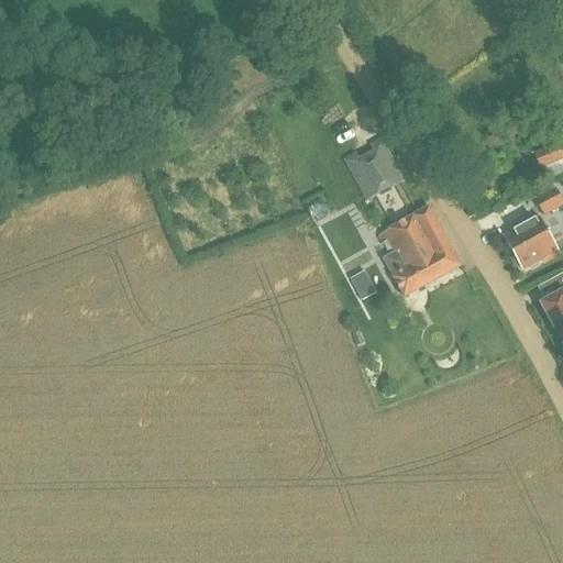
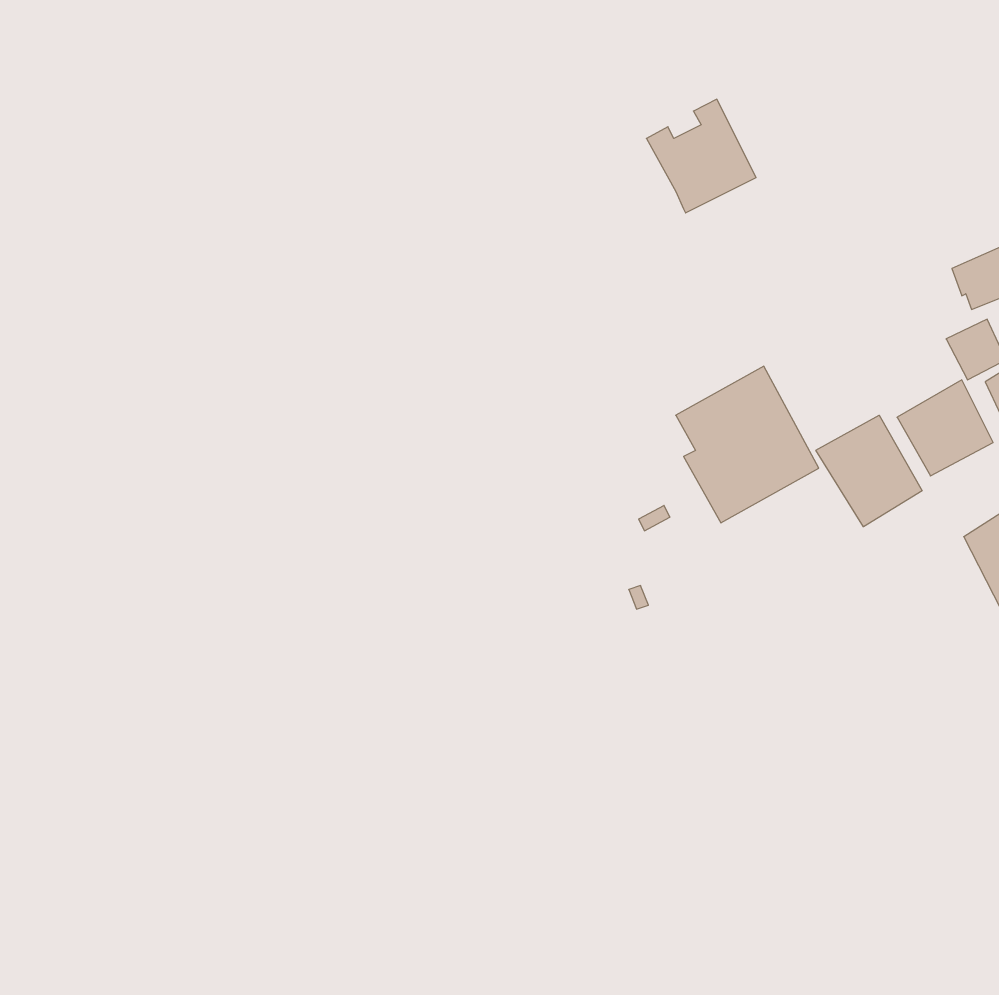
building: [344,134,406,198] -> [646,99,756,213]
building: none -> [816,415,922,527]

